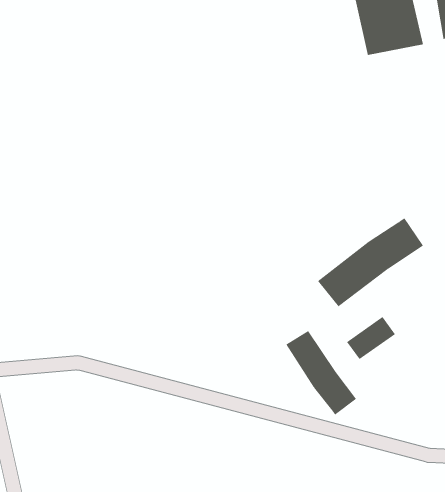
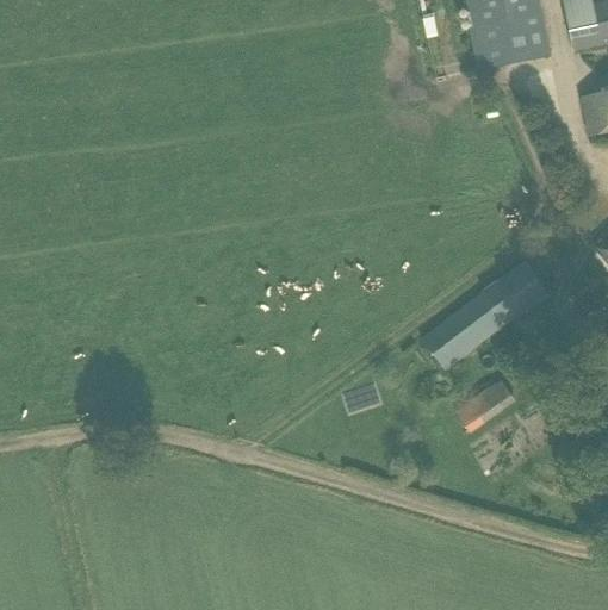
building: [286,330,357,415] -> none

